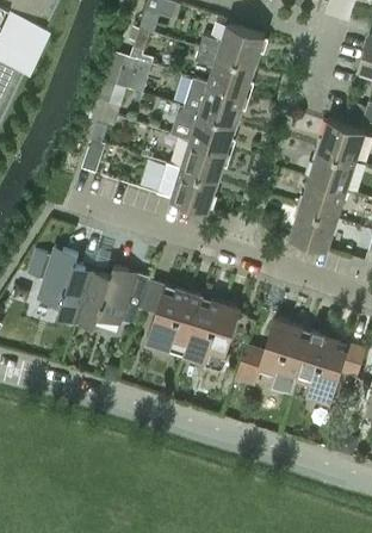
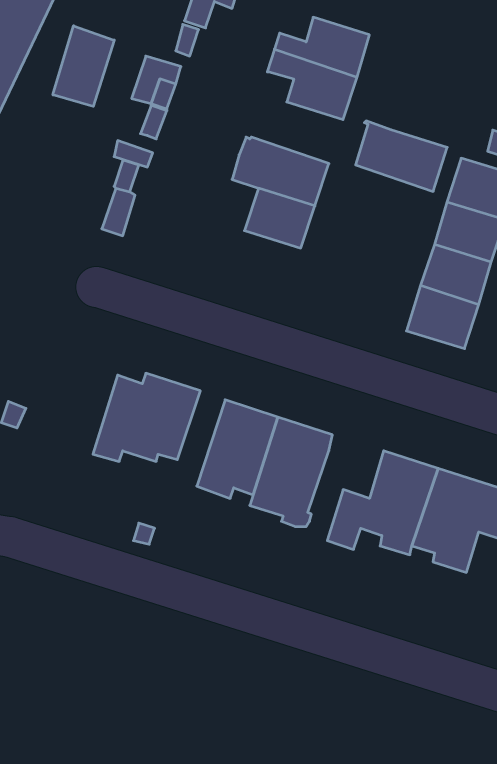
building: none -> [53,26,114,106]
building: [184,76,246,124] -> [356,121,447,191]
building: [156,165,217,210] -> none
building: [29,248,93,321] -> none

